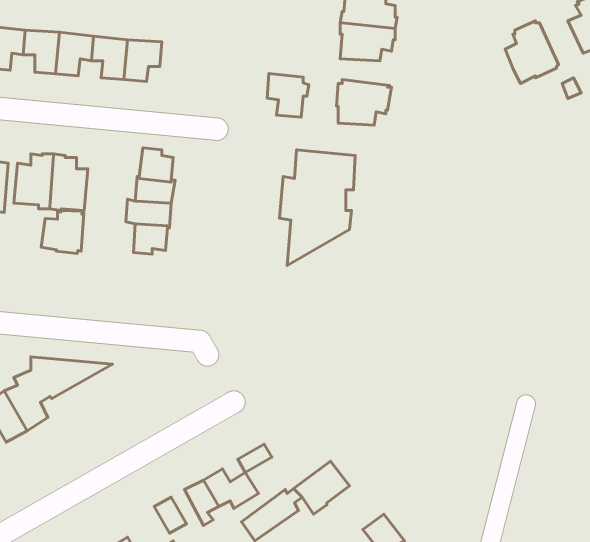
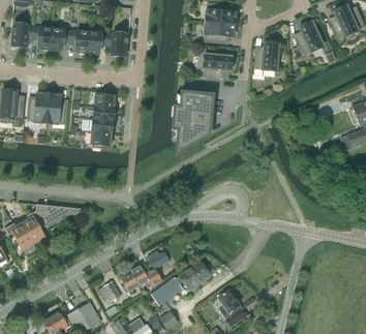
building: none -> [254,42,279,71]
building: [267,73,309,117] -> [106,32,129,56]
building: [41,211,84,253] -> none

